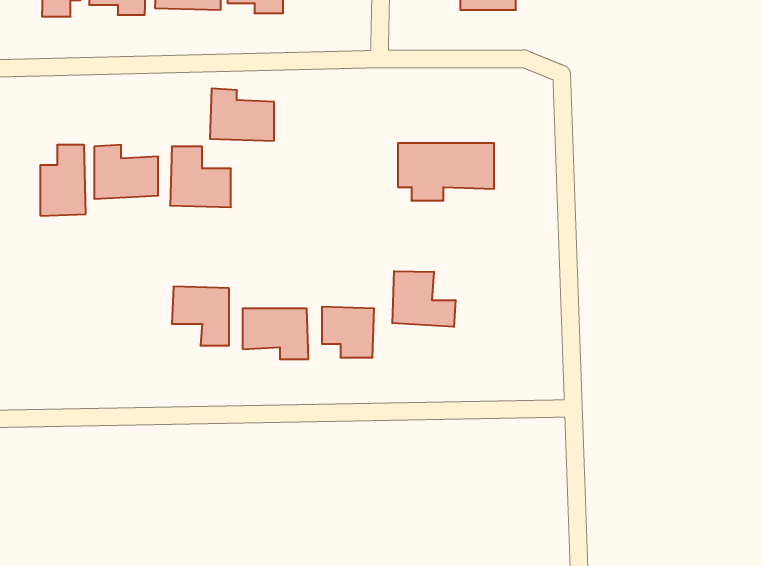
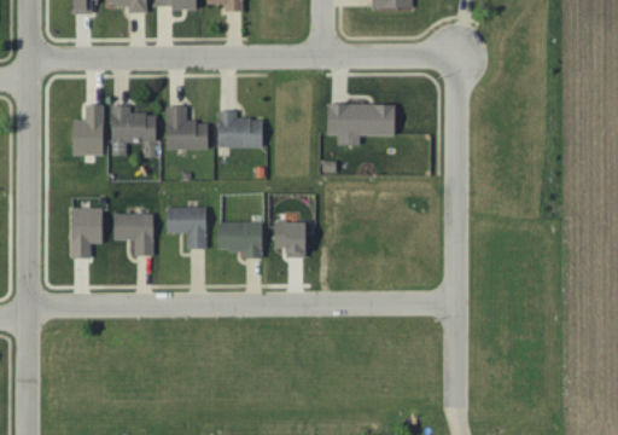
building: [210,88,274,141] -> [217,110,263,147]
building: [392,271,456,327] -> none
building: none -> [71,208,104,259]
building: none -> [113,214,153,256]

